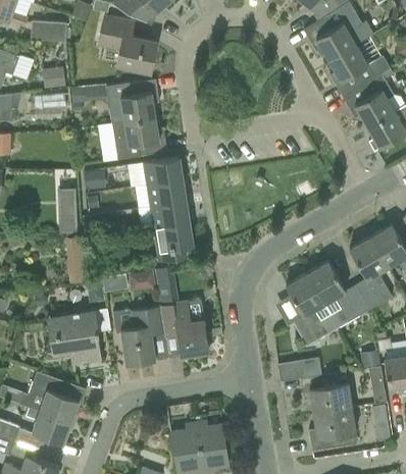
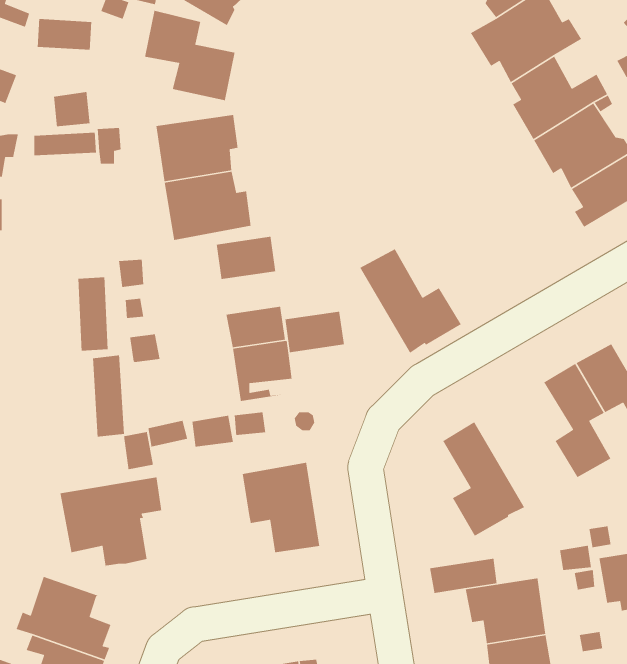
building: [147,179,185,206] -> [284,311,345,353]
building: [306,261,370,327] -> [359,248,462,354]
building: [112,306,164,364] -> none

